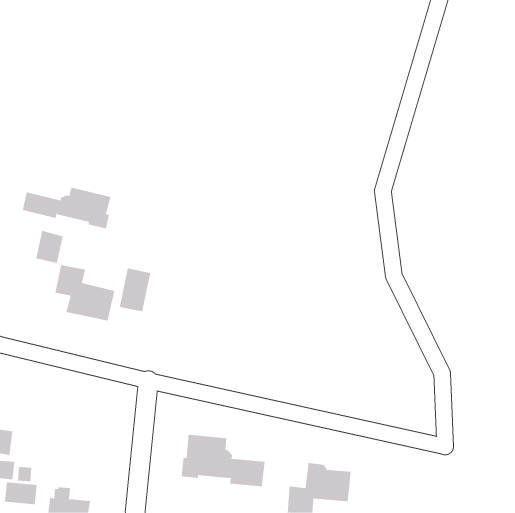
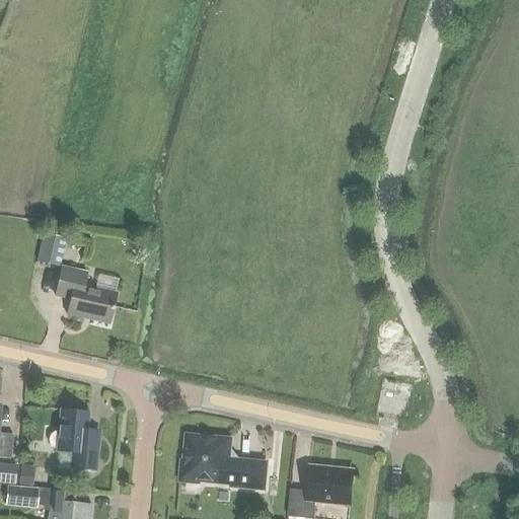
building: [22,187,111,229] -> none
building: [119,268,151,312] -> none
building: none -> [48,409,98,469]

